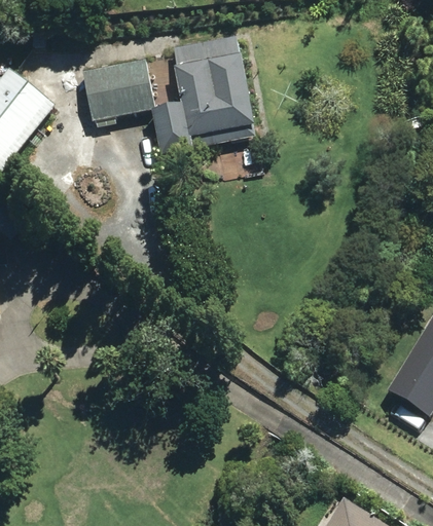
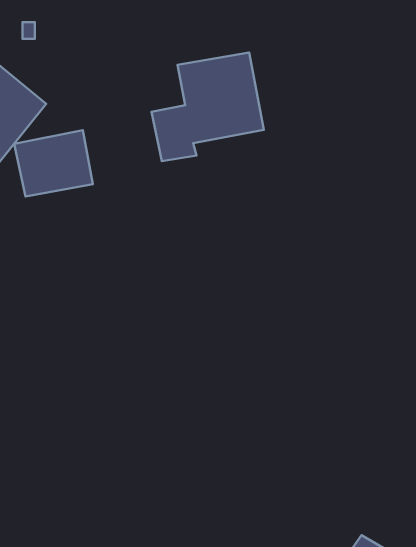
building: [82,58,154,118] -> [14,130,93,197]

